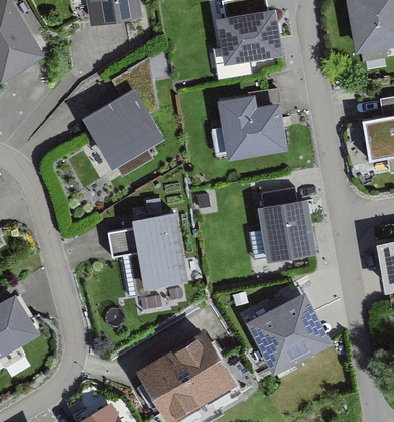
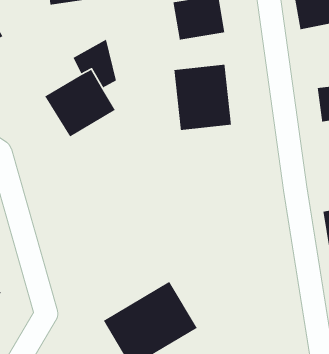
building: [255,181,312,259] -> none
building: [131,197,181,289] -> none
building: [249,295,332,372] -> none

